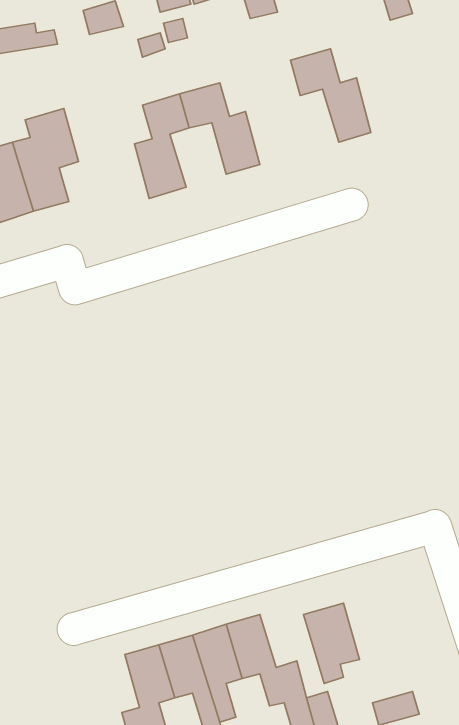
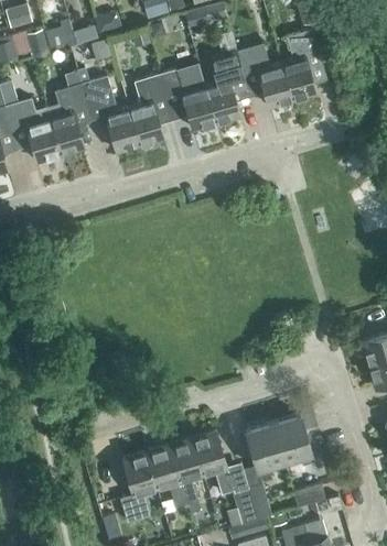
building: none -> [281,30,318,101]
building: none -> [205,32,243,123]
building: none -> [80,77,139,153]
building: none -> [272,416,311,462]

